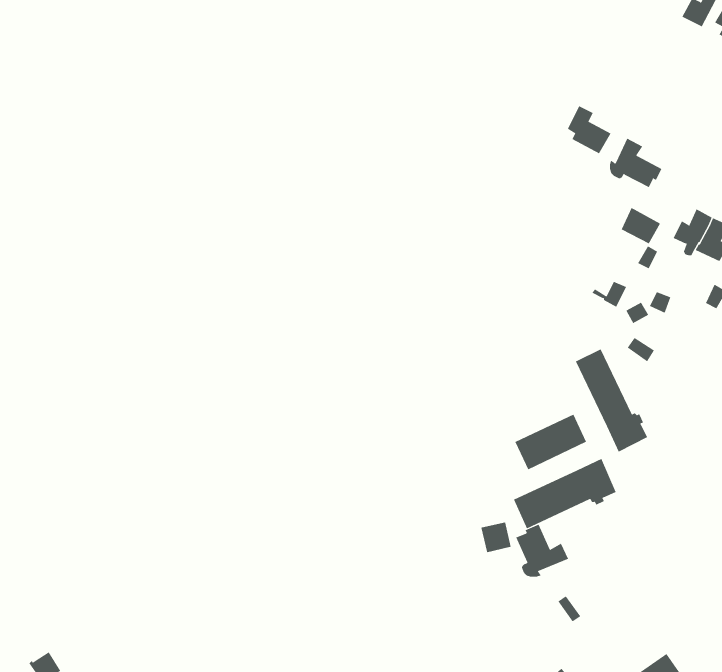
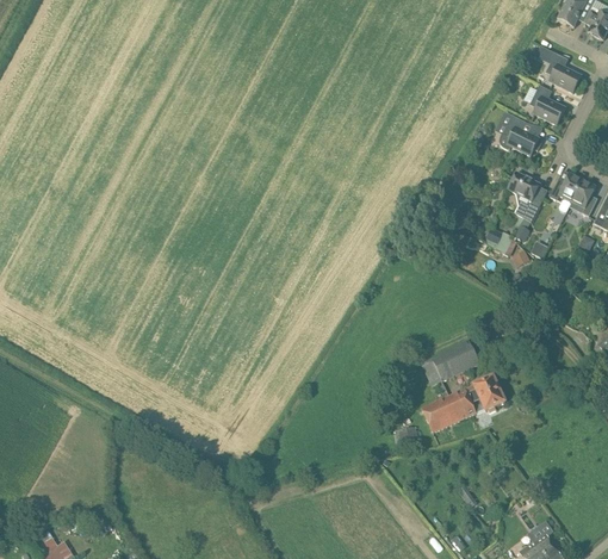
building: none -> [546,52,582,92]
building: [567,105,611,154] -> [531,85,566,124]
building: [575,349,648,452] -> none
building: [515,524,569,578] -> none

